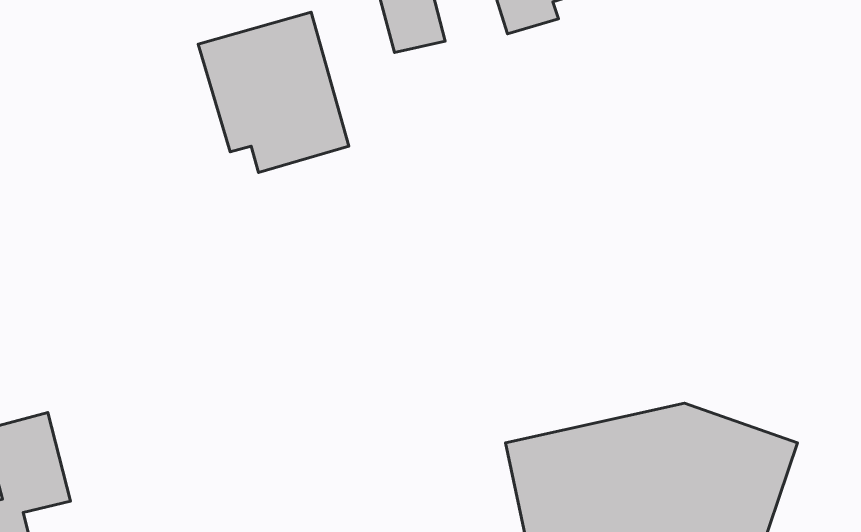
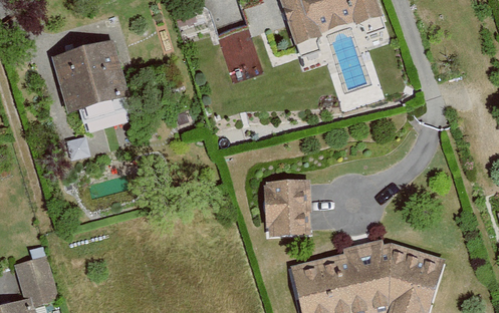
building: [198,12,349,172] -> [50,40,131,125]
building: none -> [263,177,308,238]

